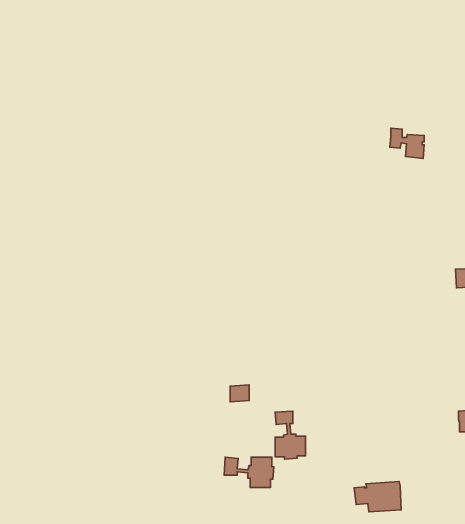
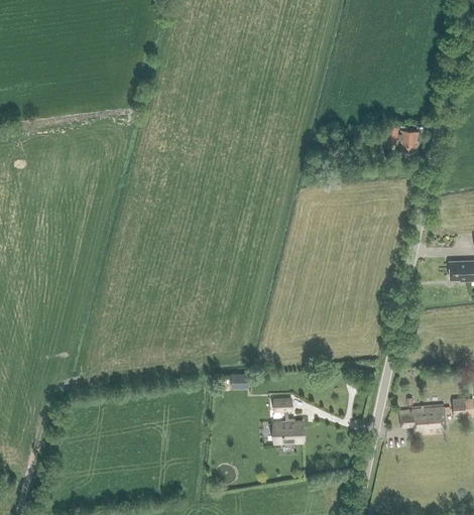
building: [224,457,274,488] -> none
building: [354,482,401,512] -> [398,404,444,433]

